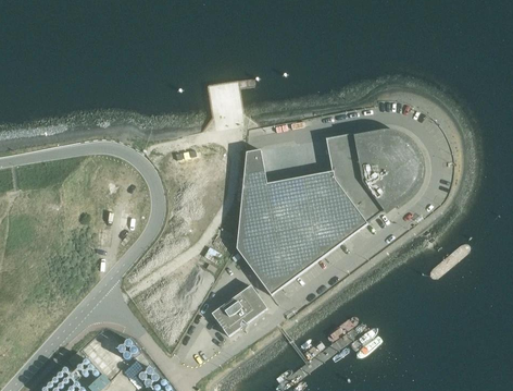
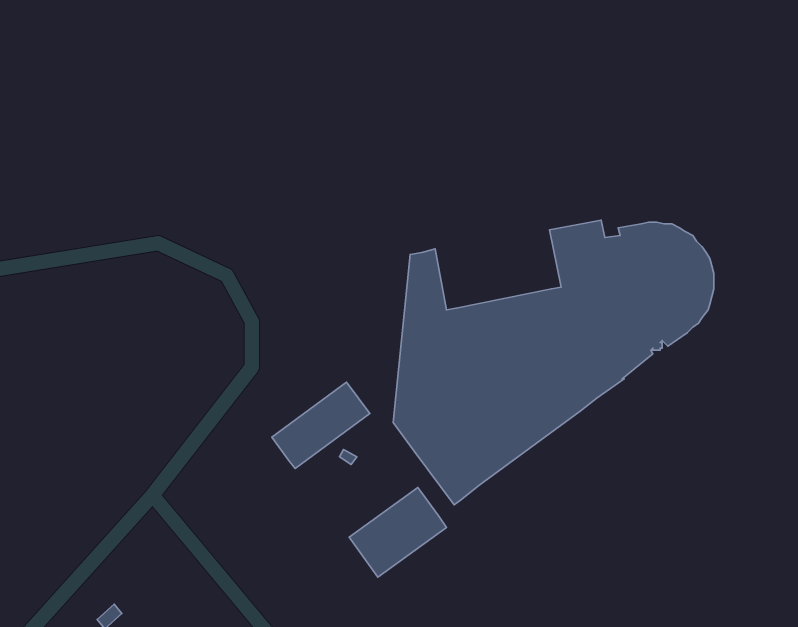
building: none -> [272,382,370,469]

